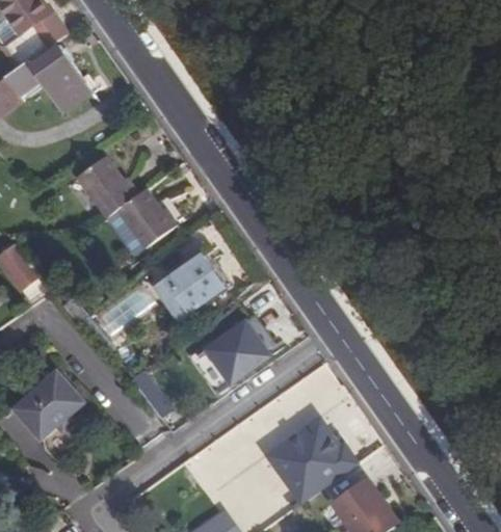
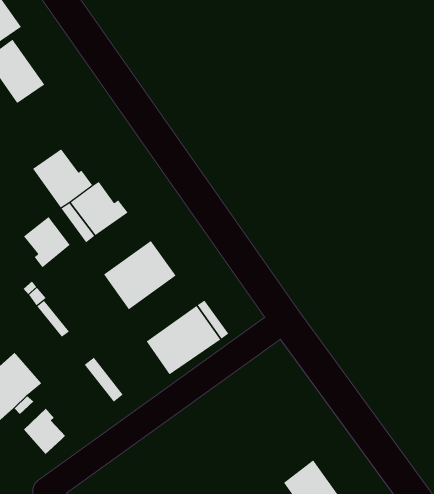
building: none -> [23,216,71,268]
building: [272,419,363,502] -> none
building: none -> [23,408,66,455]

